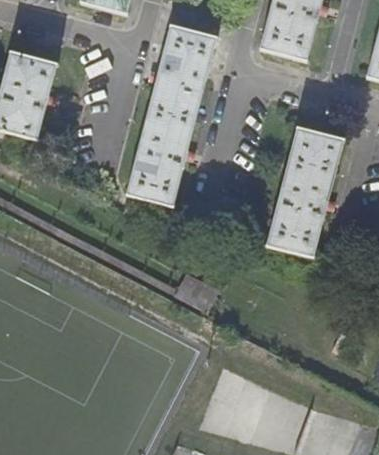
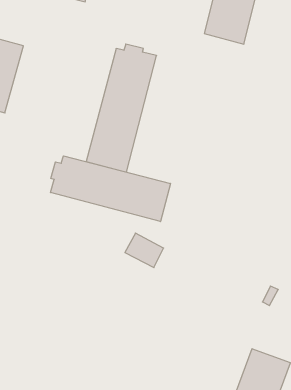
building: [160,24,216,74] -> none
building: [267,127,343,256] -> none
building: none -> [51,156,170,222]

